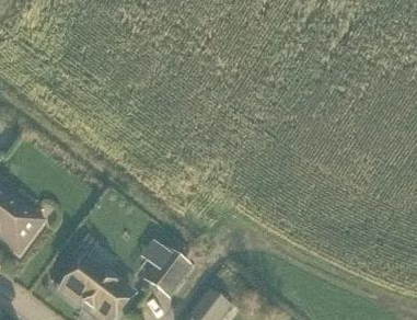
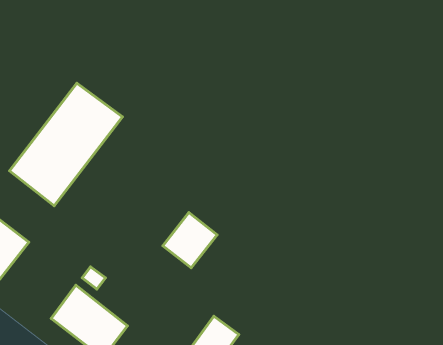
building: none -> [9,83,122,206]
building: [142,248,190,297] -> [163,213,217,268]

